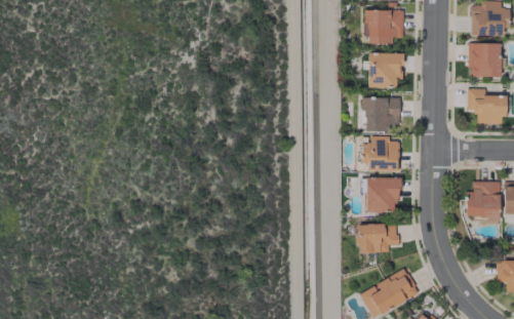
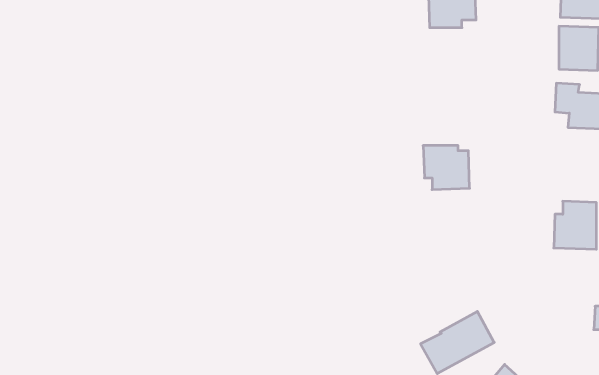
building: [368,51,404,87] -> none
building: [363,96,401,131] -> none
building: [366,177,400,212] -> none
building: [358,224,398,252] -> none

